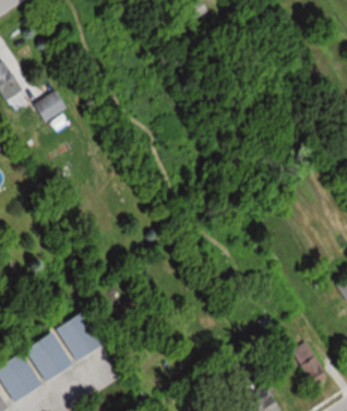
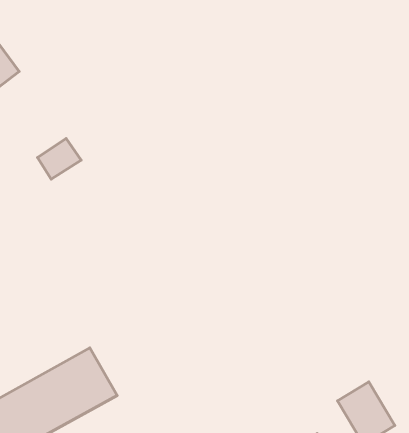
building: [33,89,68,122] -> [38,138,81,179]

